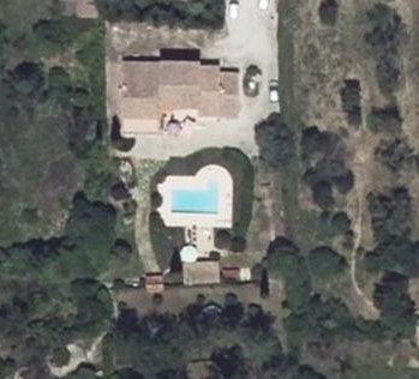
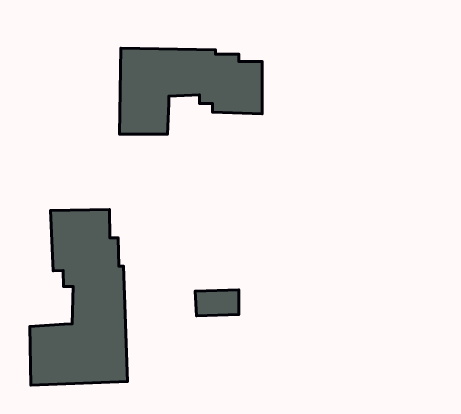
building: none -> [30,209,127,385]

